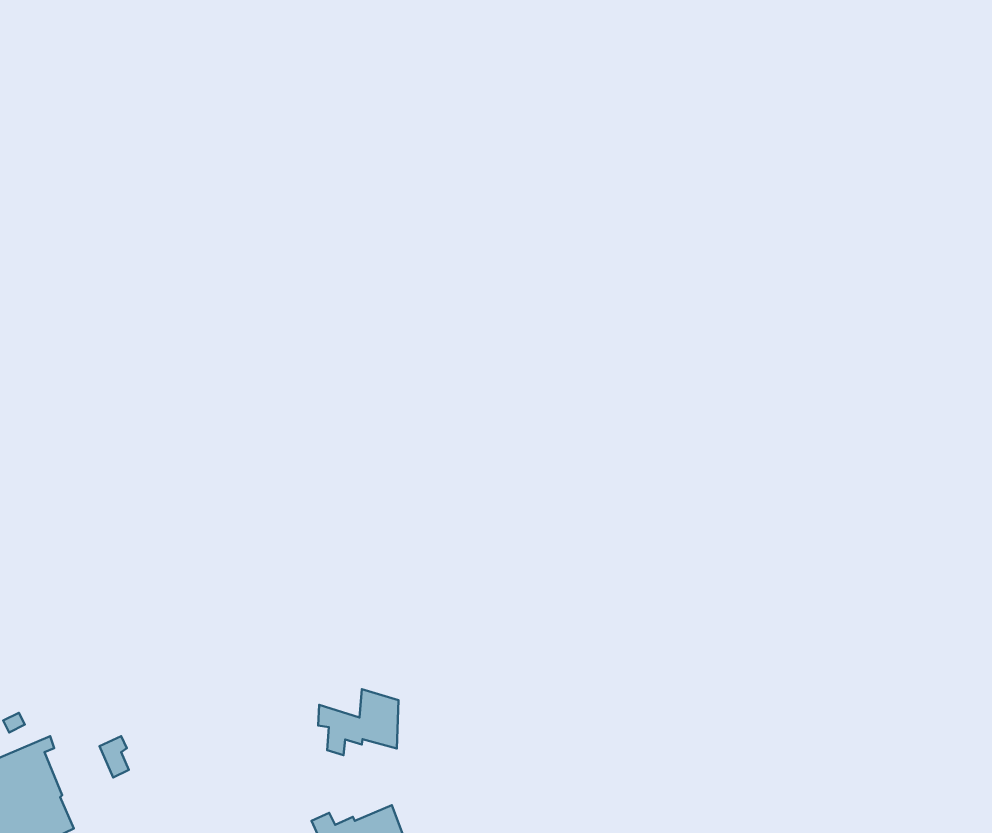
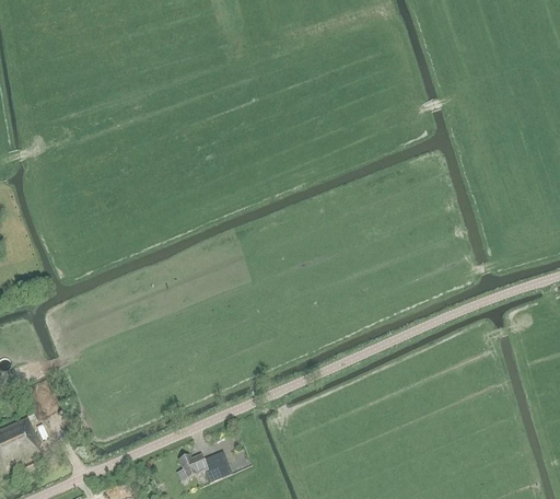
building: [318,689,399,755] -> none

